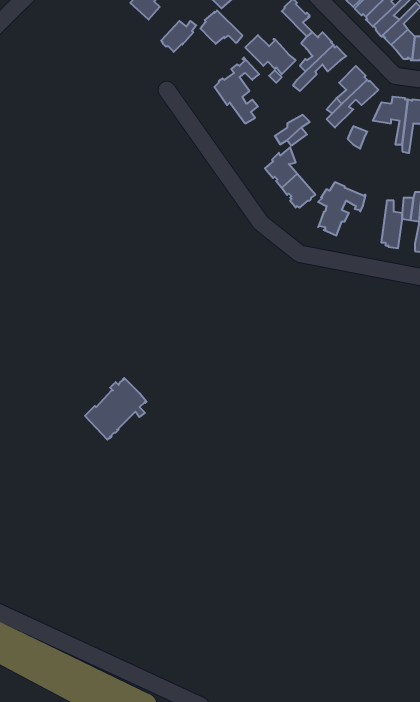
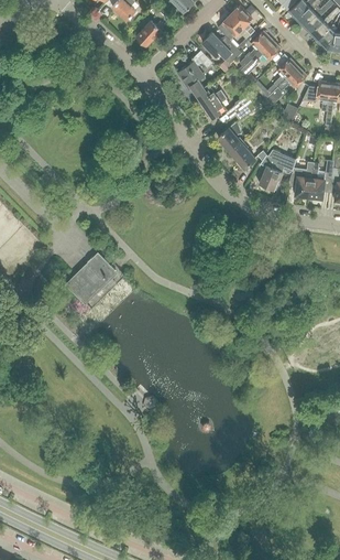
building: [200,10,242,44] -> [217,14,250,41]
building: none -> [198,89,227,119]
building: none -> [287,162,312,198]
building: [85,378,147,440] -> [66,255,114,303]

